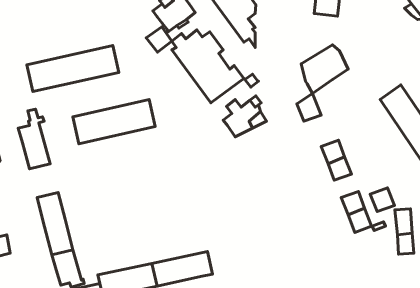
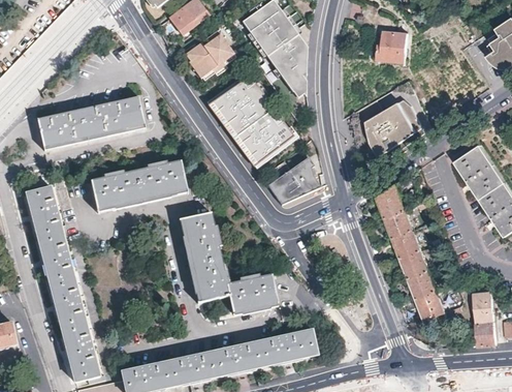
building: [146,27,172,52] -> none
building: [297,93,321,121] -> [377,183,406,216]
building: none -> [180,214,279,312]
building: none -> [38,237,72,277]
building: [370,188,394,211] -> [401,249,429,277]
building: none -> [250,328,320,368]

